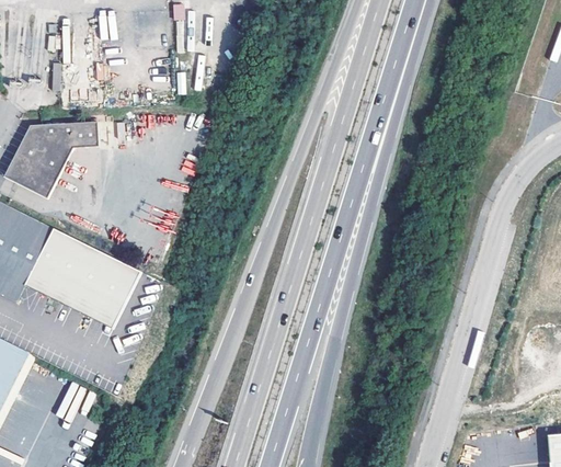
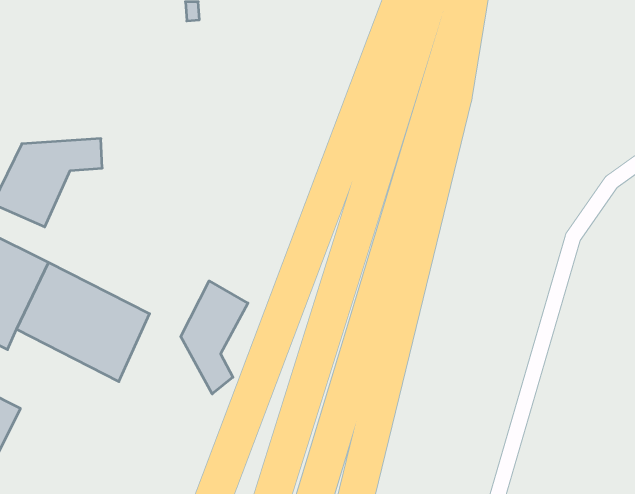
building: none -> [181,281,248,394]

